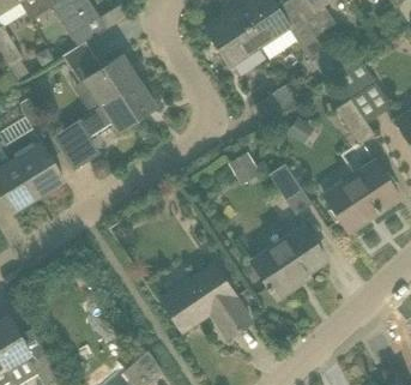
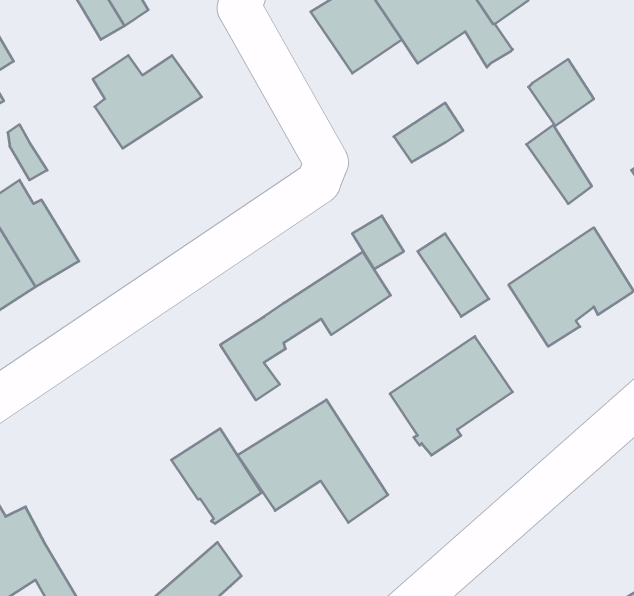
building: [53,80,156,170] -> [220,252,391,400]
building: none -> [171,429,262,524]

